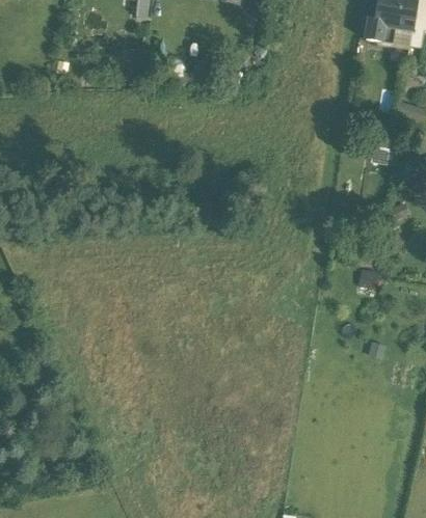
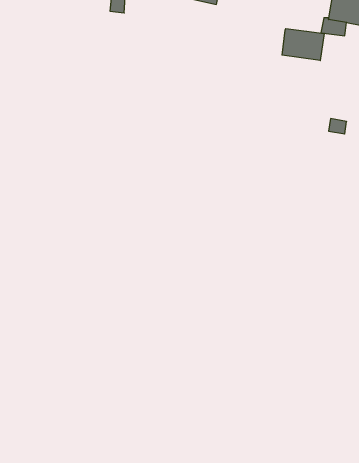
building: none -> [282,29,324,61]

